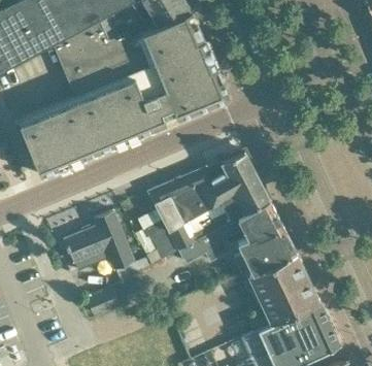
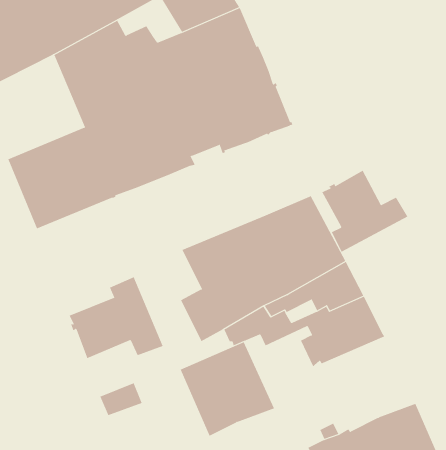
building: none -> [321,170,408,252]
building: [251,256,322,326] -> [180,342,275,436]

